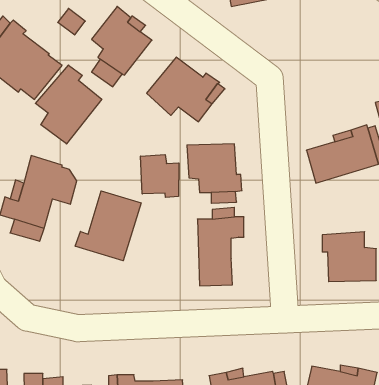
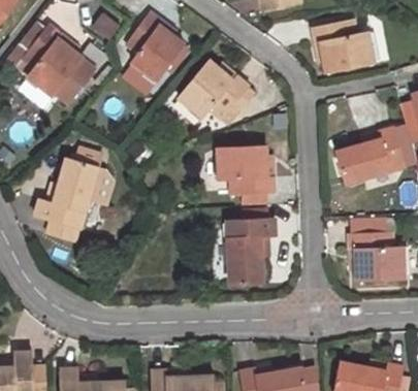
building: none -> [313,20,374,72]
building: [35,65,102,144] -> none
building: [141,155,179,197] -> none
building: [75,191,141,261] -> none

